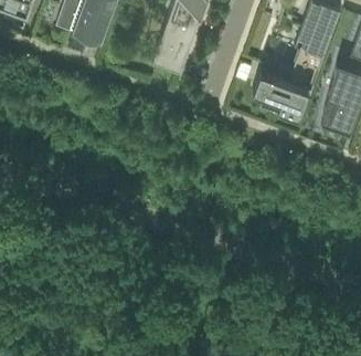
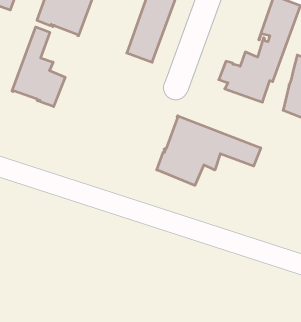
building: none -> [12,27,65,107]
building: none -> [157,116,261,185]

